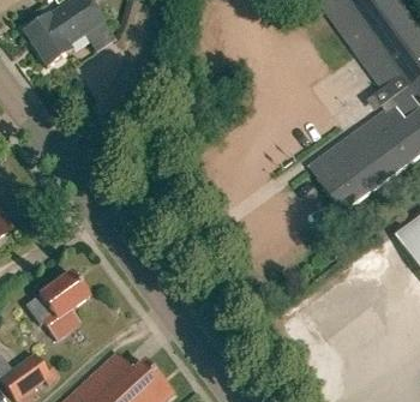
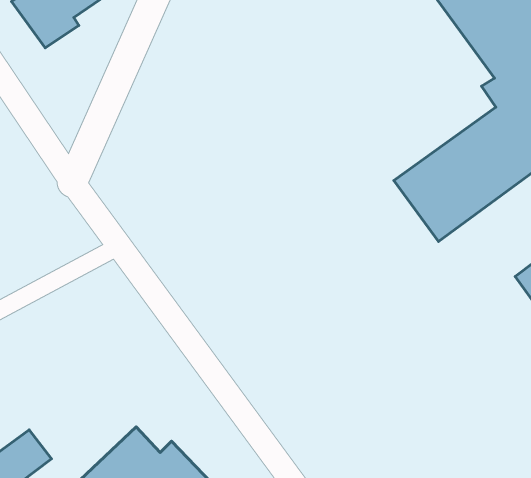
building: [25,270,89,338] -> none

